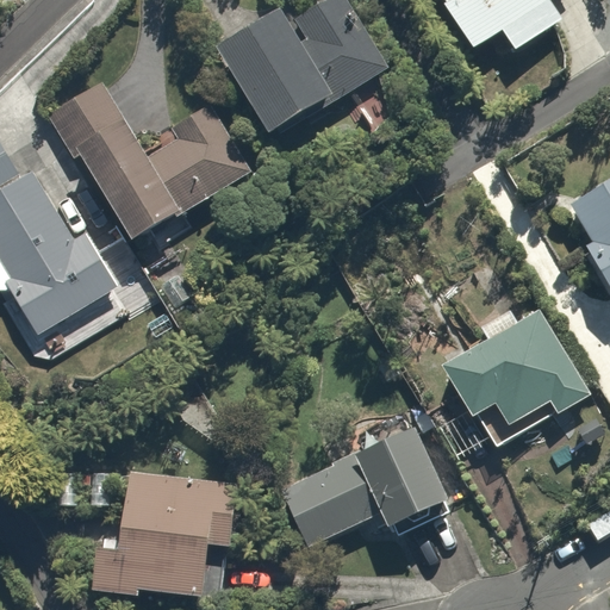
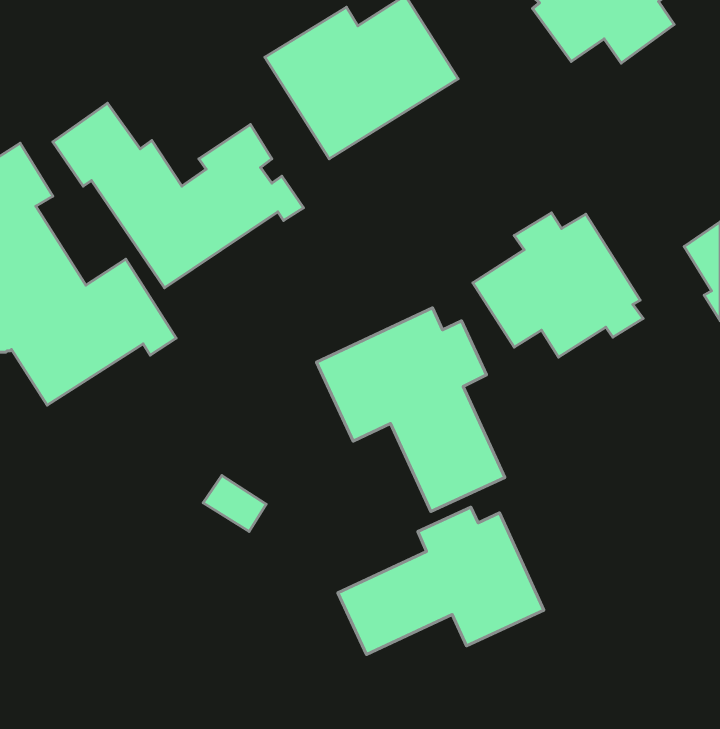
building: none -> [317,308,505,512]
building: [443,310,585,430] -> [473,213,643,357]
building: [95,473,237,598] -> none

